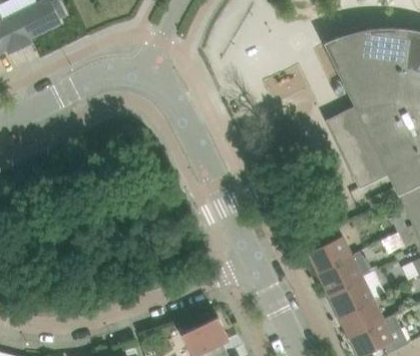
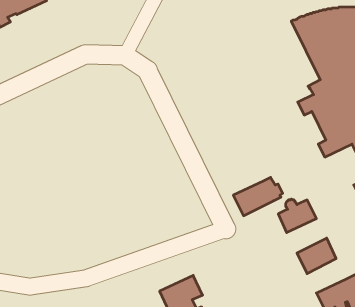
building: [318,251,371,292] -> [233,177,283,216]
building: [340,298,382,335] -> none

